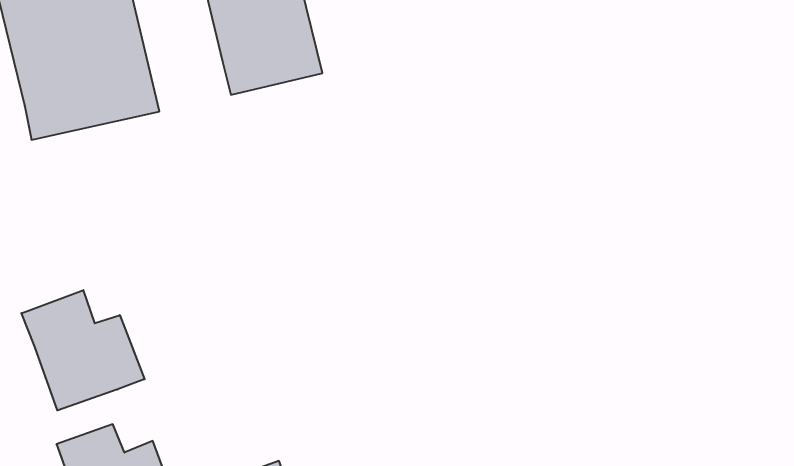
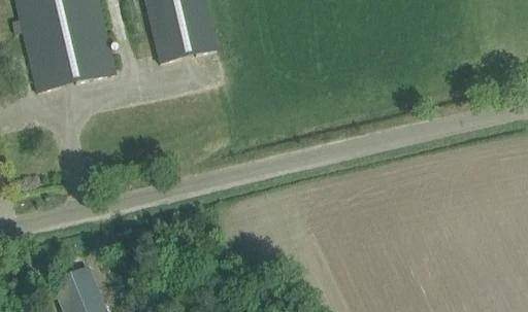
building: [21,290,145,410] -> none

